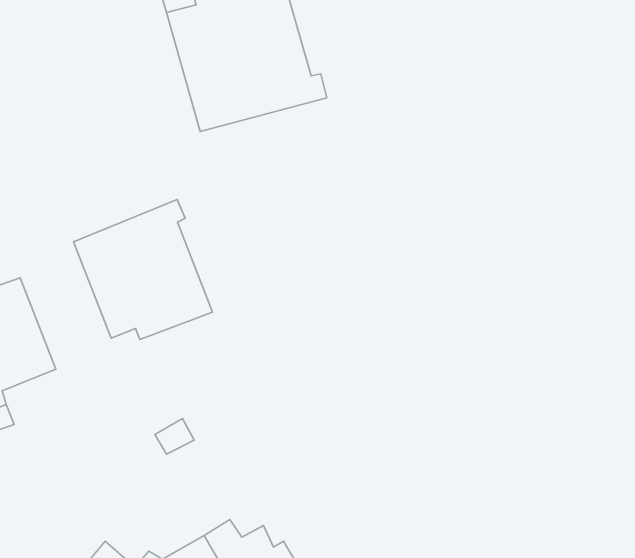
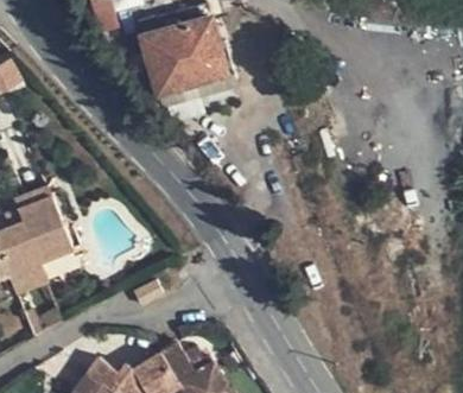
building: [74,199,212,340] -> none

